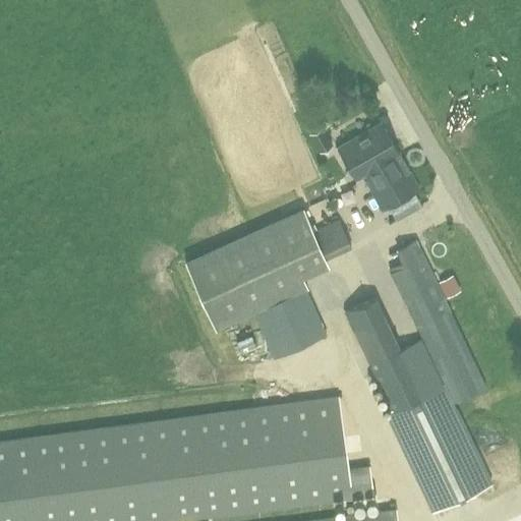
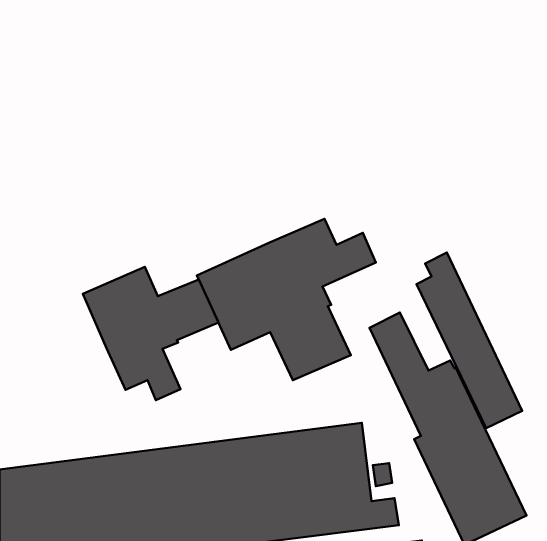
building: [336,124,418,212] -> none
building: none -> [83,267,218,400]

